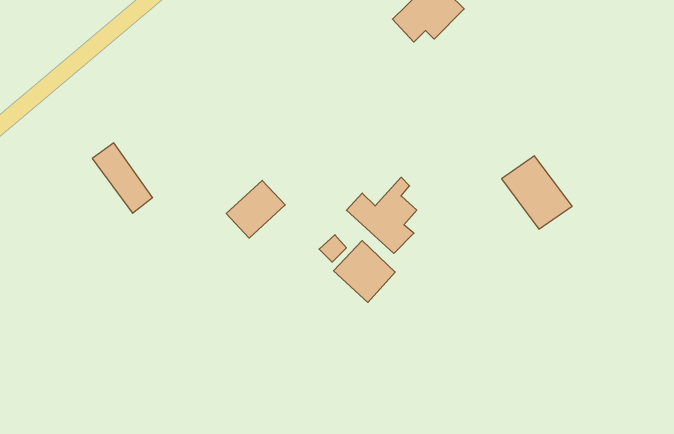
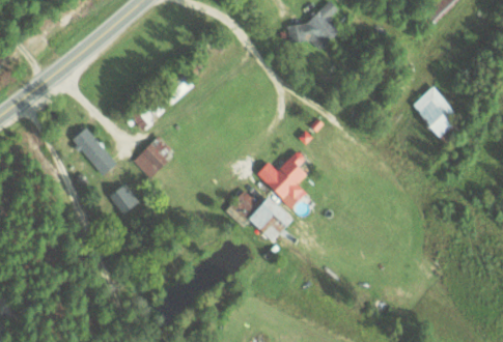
building: [502,156,572,229] -> [412,86,463,139]
building: [226,180,285,238] -> [134,136,176,177]
building: none -> [108,183,138,213]

